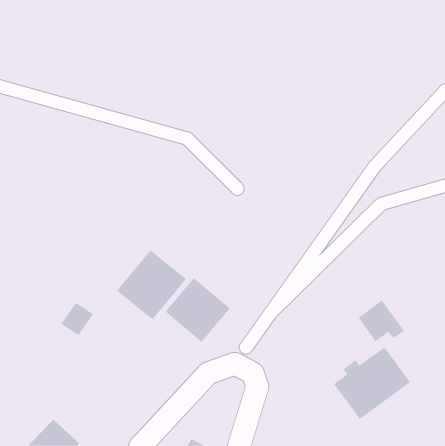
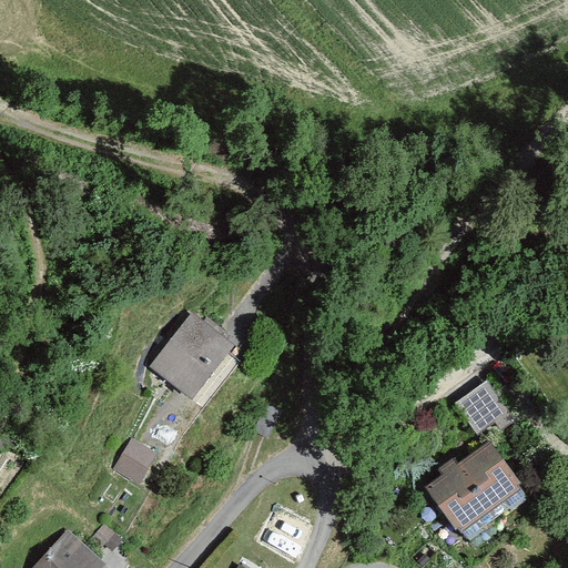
building: [165,277,230,343] -> none
building: [61,302,94,336] -> [115,436,158,479]

